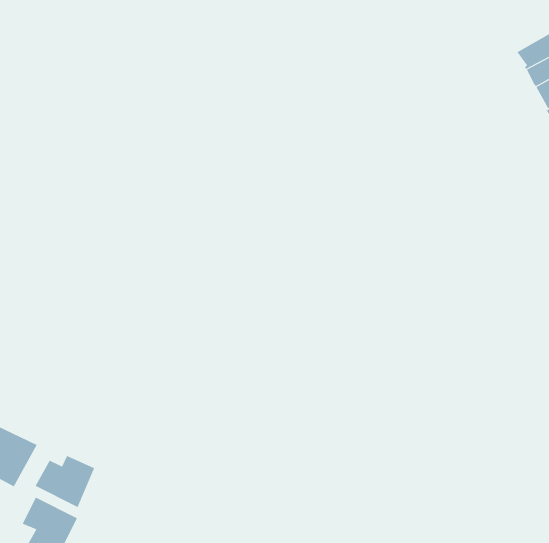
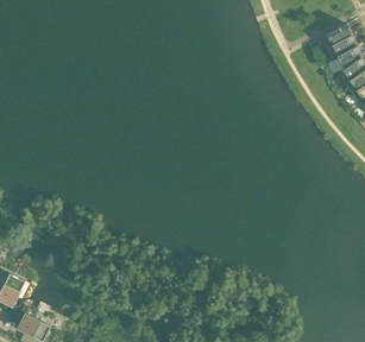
building: [35,455,95,508] -> none

